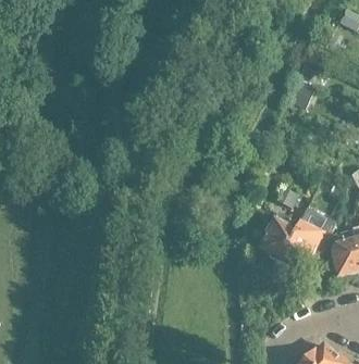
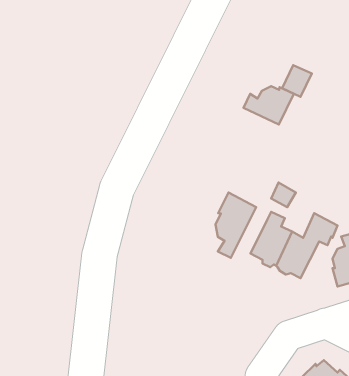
building: none -> [244,86,294,124]
building: none -> [215,193,256,258]

